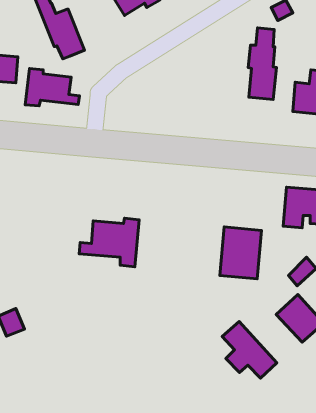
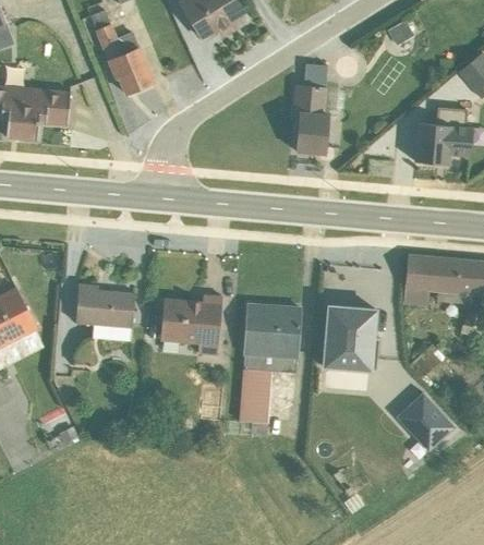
building: [248,28,277,100] -> [293,63,329,154]
building: [25,69,79,106] -> none
building: none -> [75,283,134,340]
building: none -> [239,304,300,437]
building: [222,322,277,378] -> none

